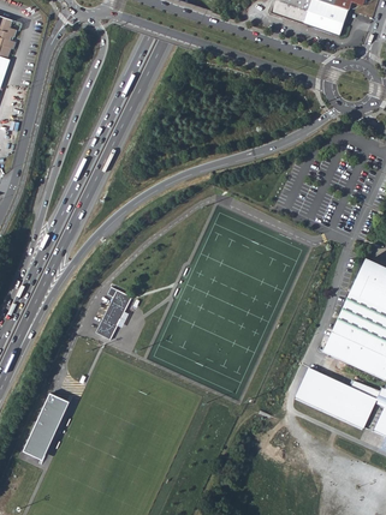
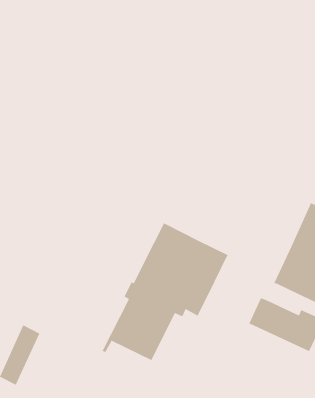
building: none -> [102,222,229,361]
building: [94,289,130,342] -> none

